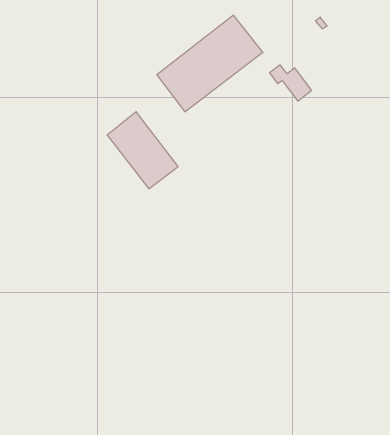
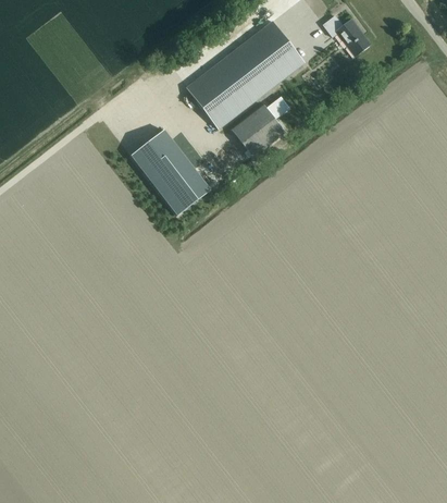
building: [270,65,311,101] -> [323,15,370,56]
building: none -> [232,103,285,157]

